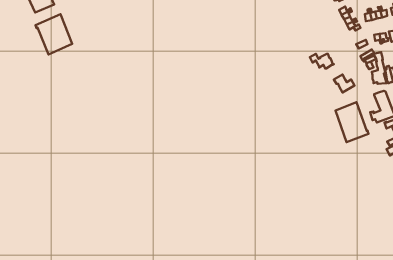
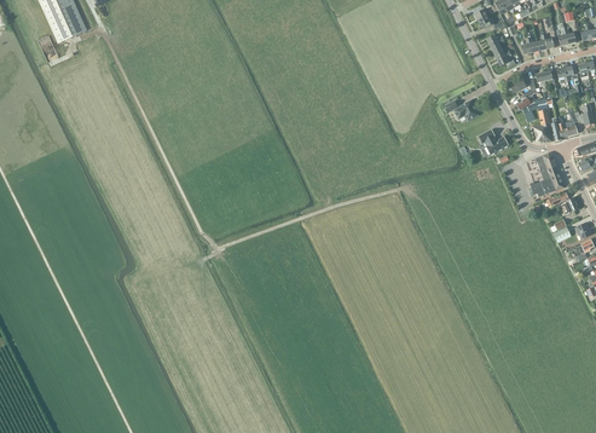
building: [36,14,72,55] -> none
building: [336,102,369,142] -> none

